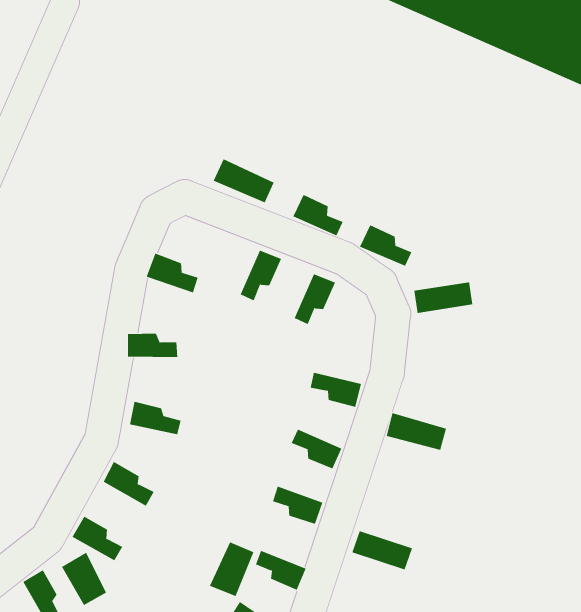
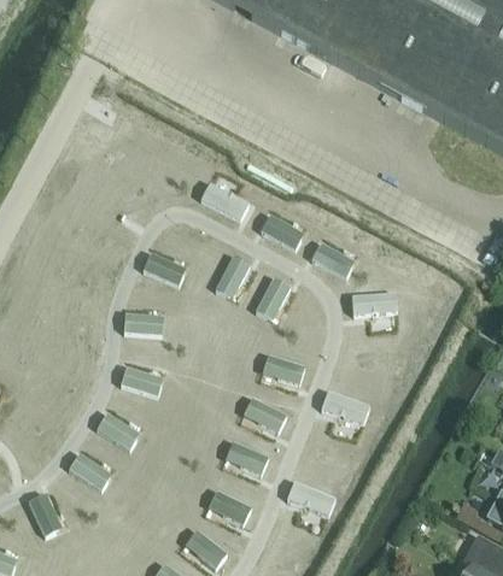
building: [209,541,254,597] -> none
building: [61,552,107,606] -> none

